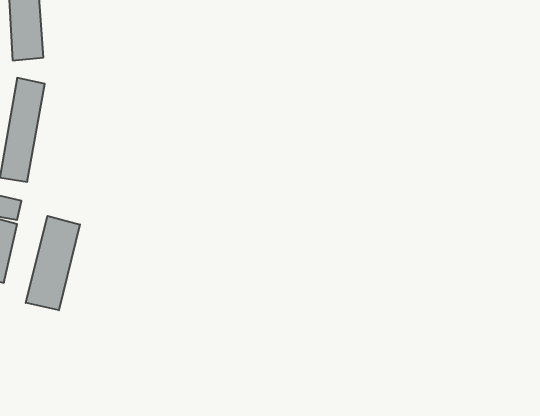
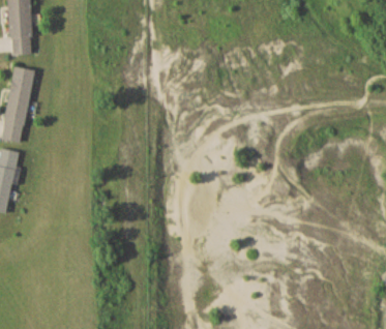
building: [26,216,80,310] -> none

